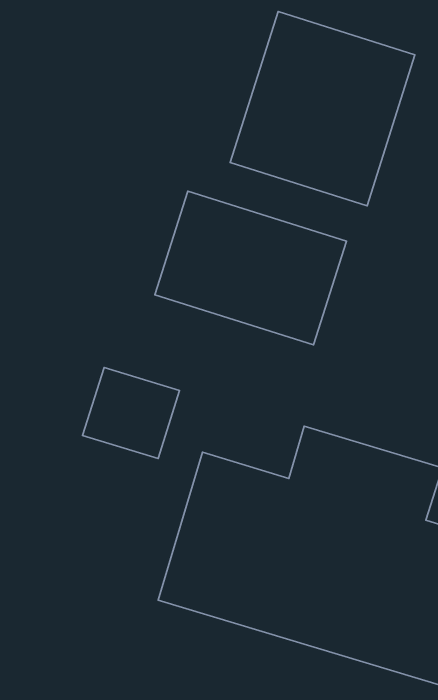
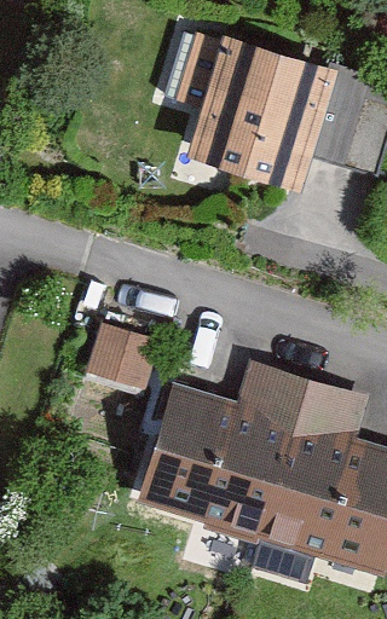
building: [155,191,346,345] -> none

